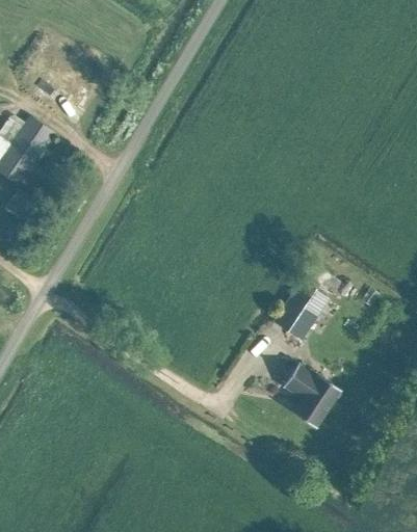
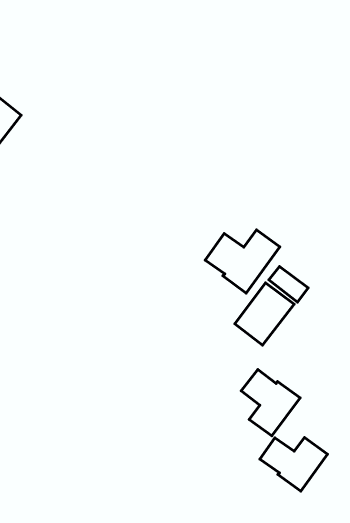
building: none -> [205,230,280,293]
building: none -> [260,437,327,491]

